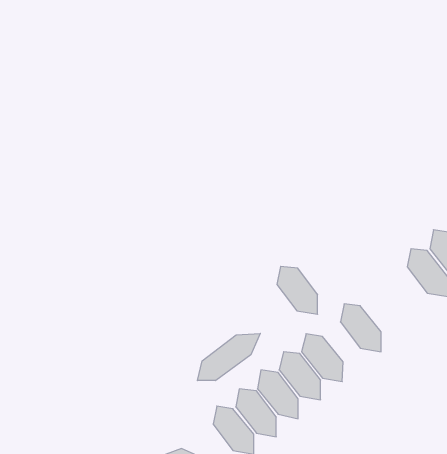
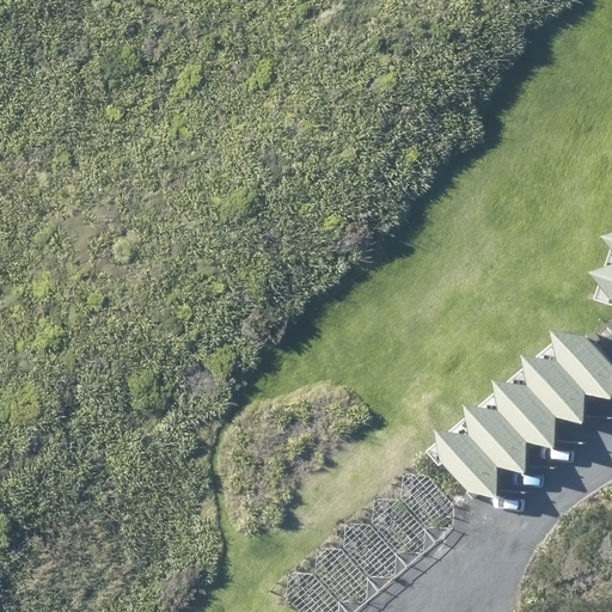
building: [277,266,318,314] -> [498,388,552,452]
building: none -> [530,363,583,427]
building: [197,333,260,381] -> none

